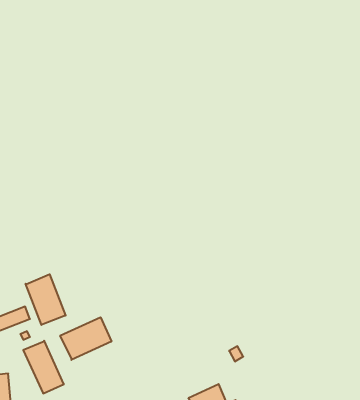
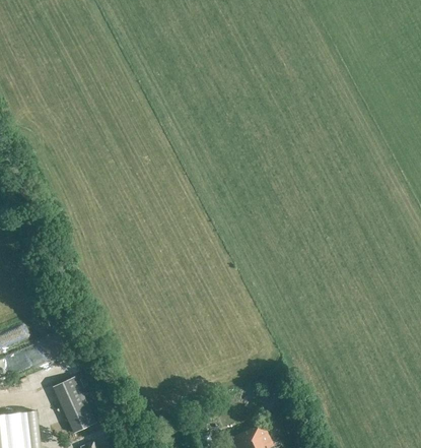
building: [26,274,66,325] -> none
building: [60,317,111,360] -> none

